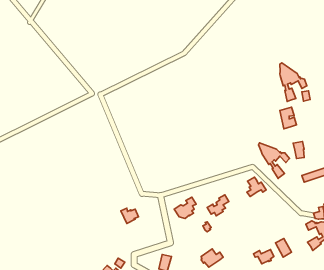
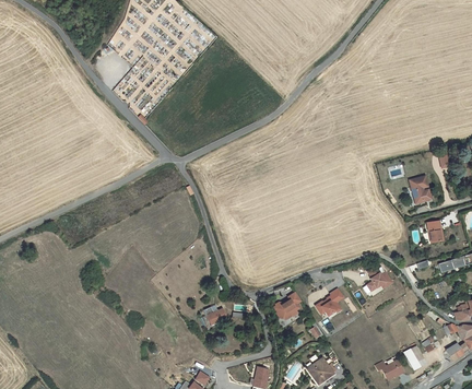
building: [280,63,307,102] -> none
building: [258,143,289,179] -> none

